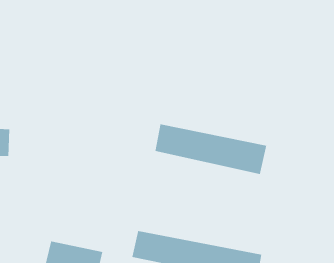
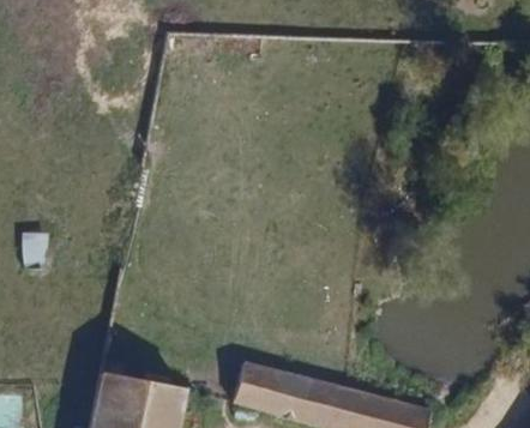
building: [155,123,267,175] -> none

